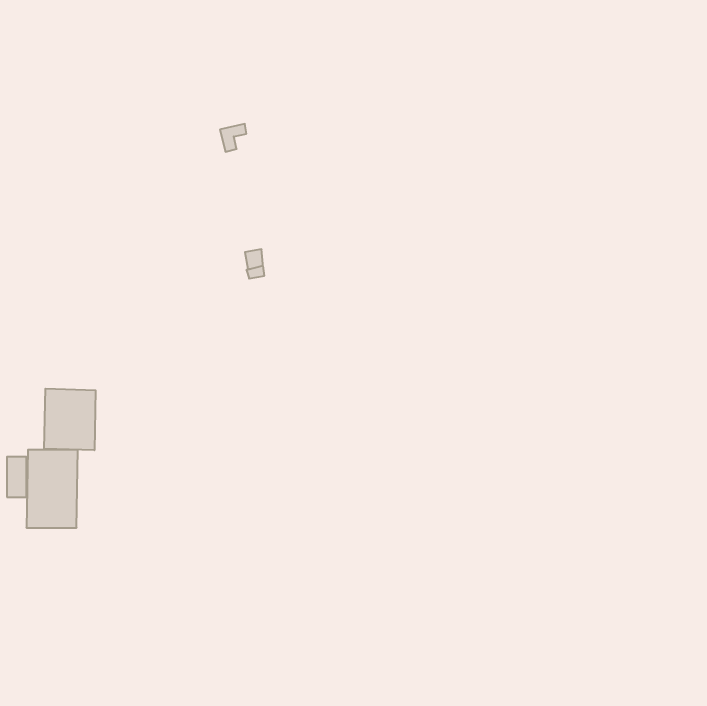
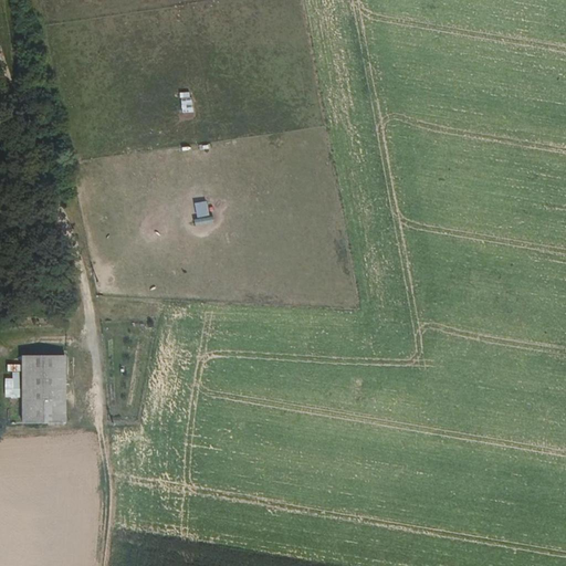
building: [44,389,96,450] -> none

